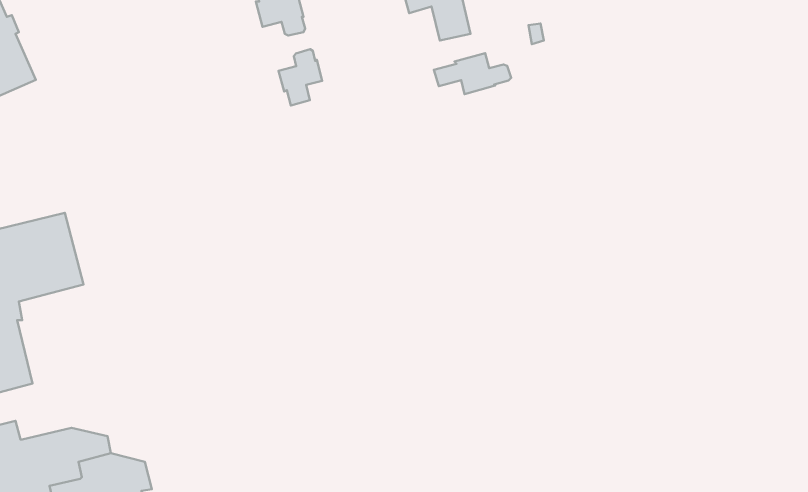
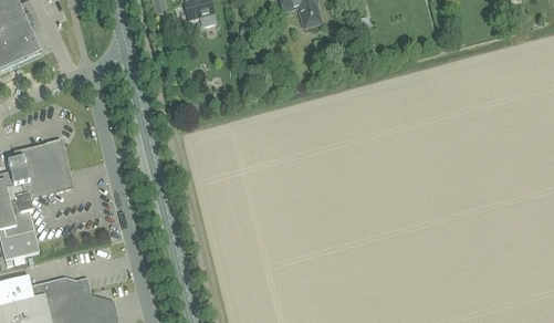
building: [279,49,322,105] -> none
building: [434,53,511,94] -> none

